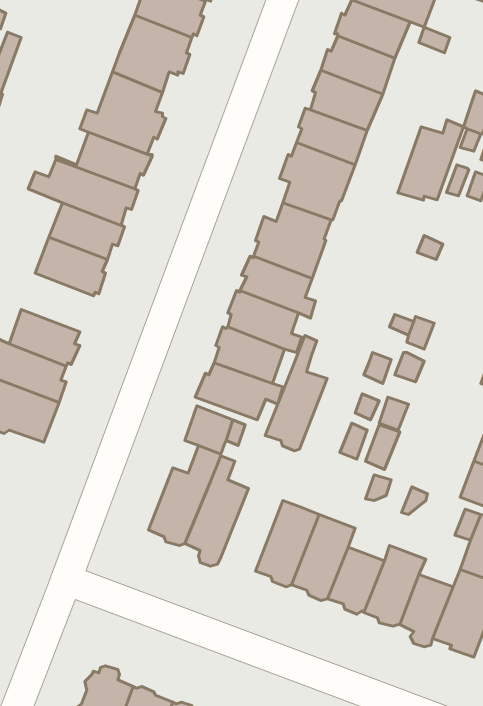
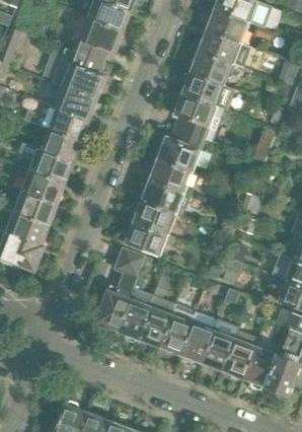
building: [398,120,464,200] -> none
building: none -> [19,166,63,204]
building: [265,336,327,451] -> [138,278,174,346]

